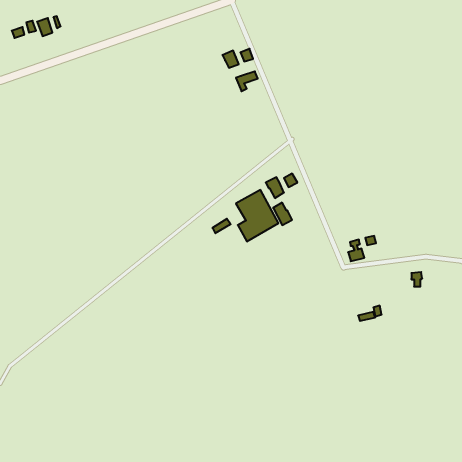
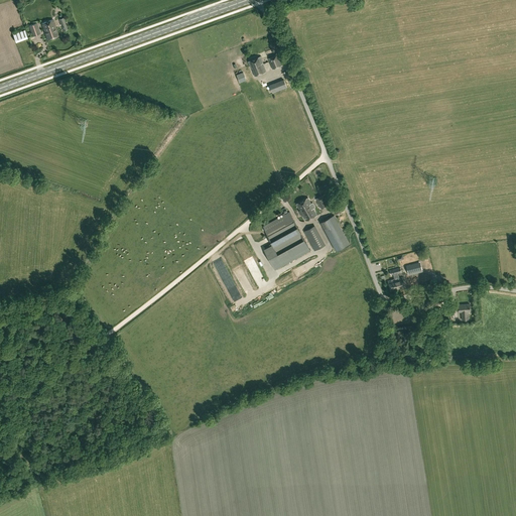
building: none -> [320,216,348,251]

